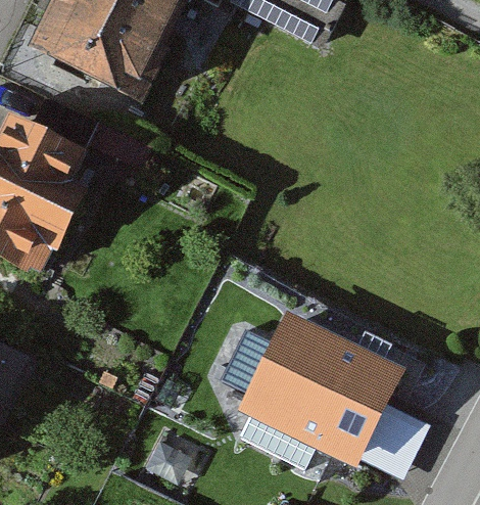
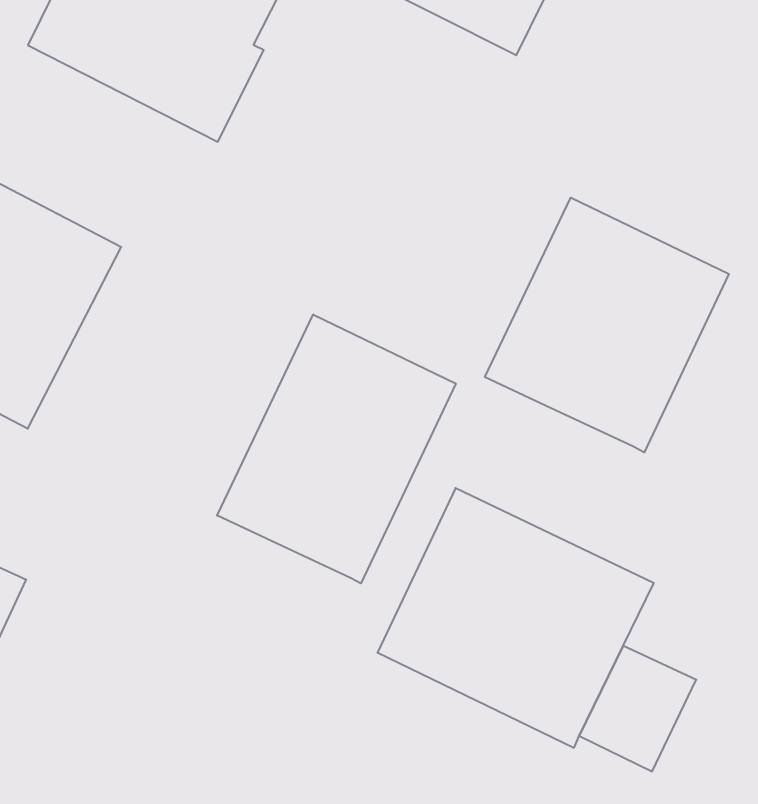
building: none -> [485,198,729,452]
building: none -> [217,314,456,583]

